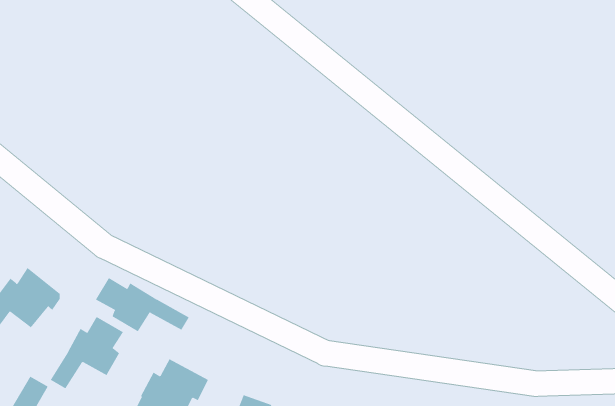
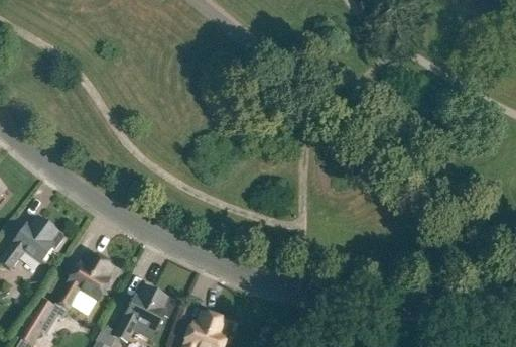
building: [95,277,189,332] -> none

